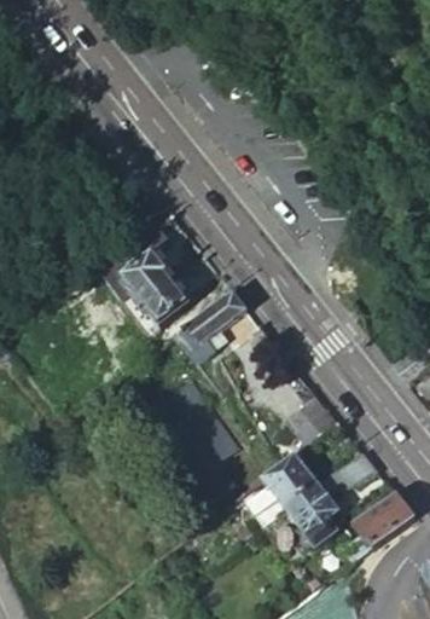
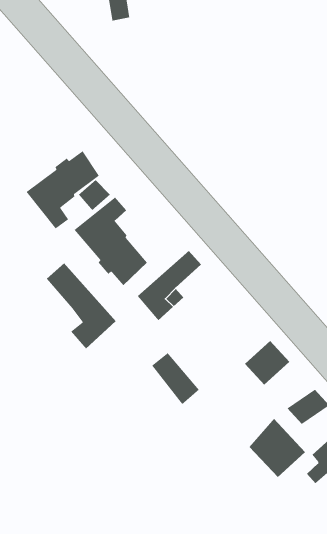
building: none -> [25,150,100,230]
building: none -> [46,263,116,349]
building: [248,453,316,523] -> none

